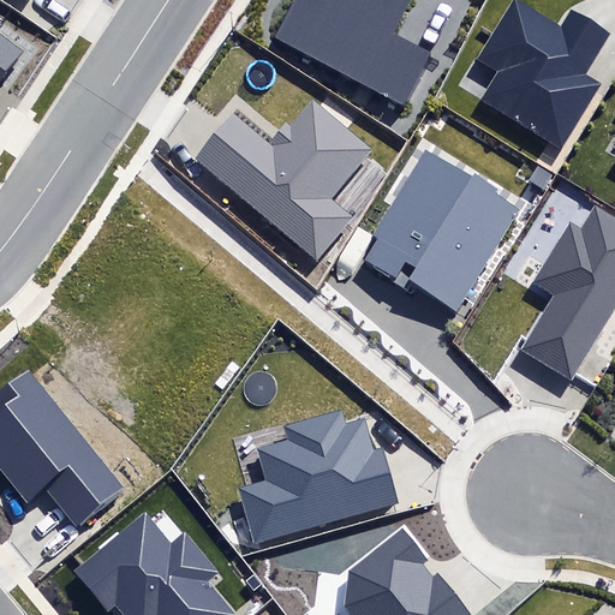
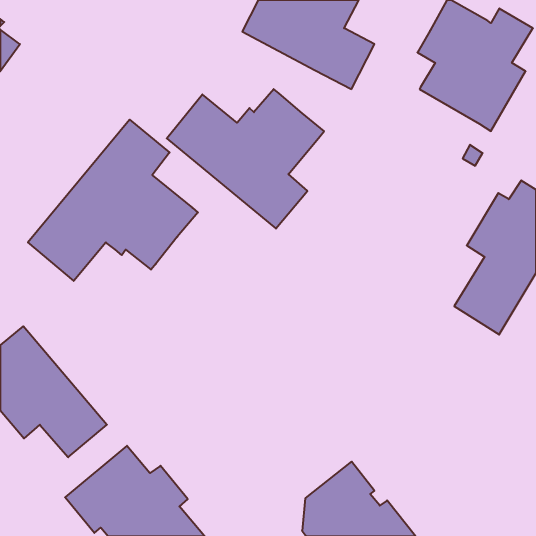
building: none -> [28,120,198,281]
building: [368,151,519,309] -> none
building: [235,413,400,545] -> none

